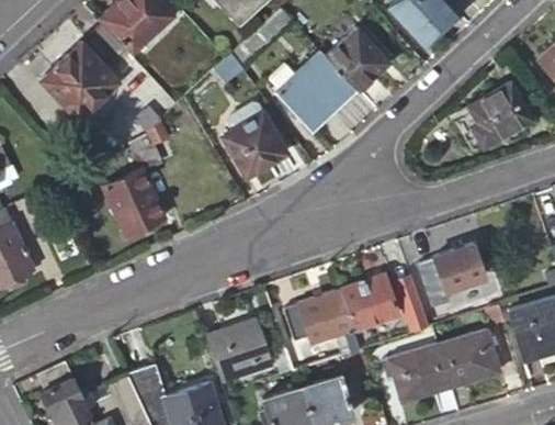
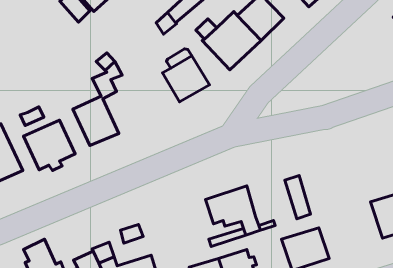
building: [41,42,121,122] -> none
building: [453,85,528,153] -> none
building: none -> [23,120,75,170]
building: [416,244,483,306] -> none
building: [339,275,396,331] -> none
building: [208,320,270,379] -> none
building: [437,331,501,388] -> none

